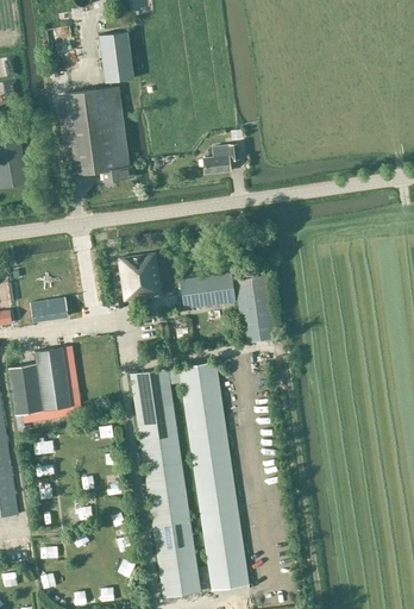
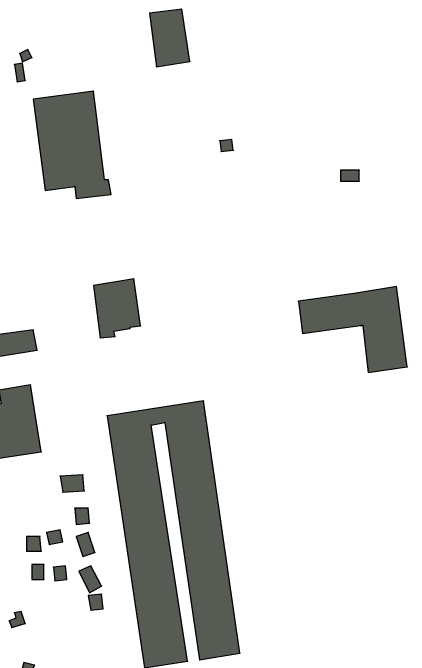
building: [99,32,134,83] -> [150,9,190,67]
building: [203,145,240,174] -> none
building: [181,268,277,344] -> [298,287,407,372]

